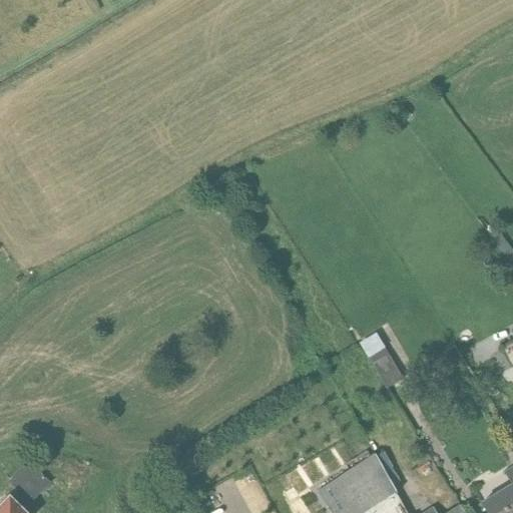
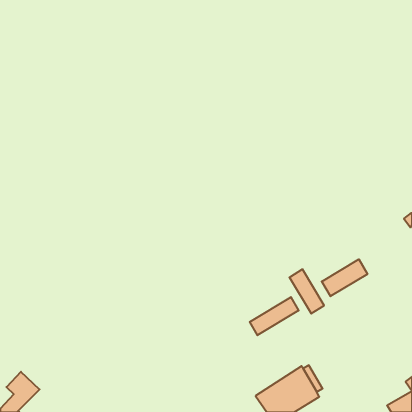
building: none -> [322,259,367,296]
building: none -> [250,297,299,335]

